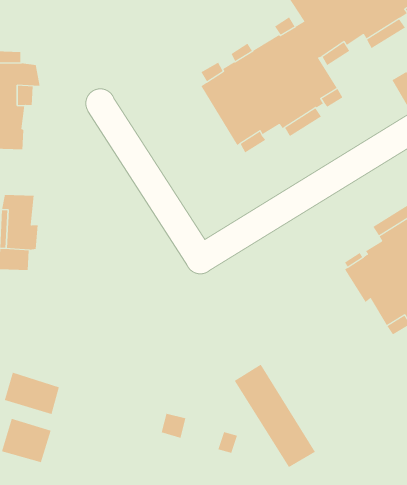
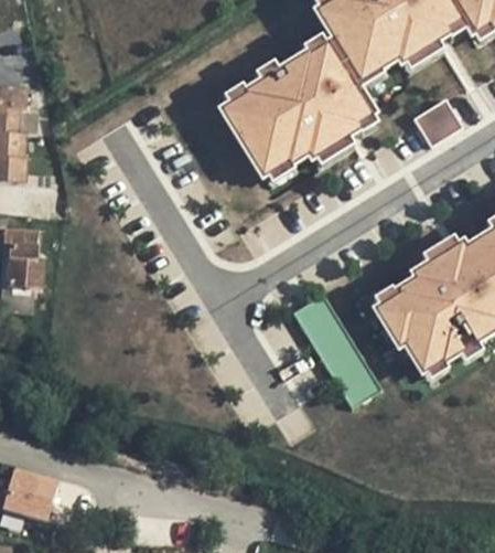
building: [234,364,316,468] -> [293,290,383,404]
building: [4,372,60,415] -> none

